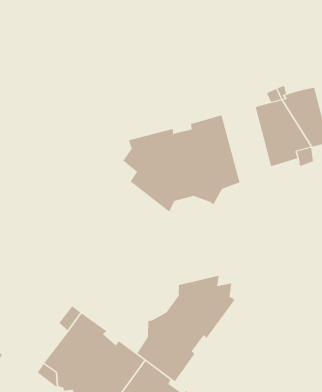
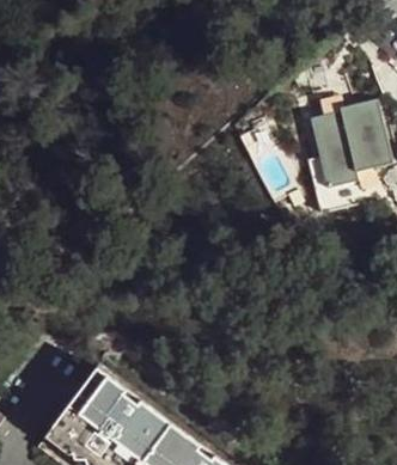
building: [123,114,240,212] -> none
building: [136,275,236,382] -> none

